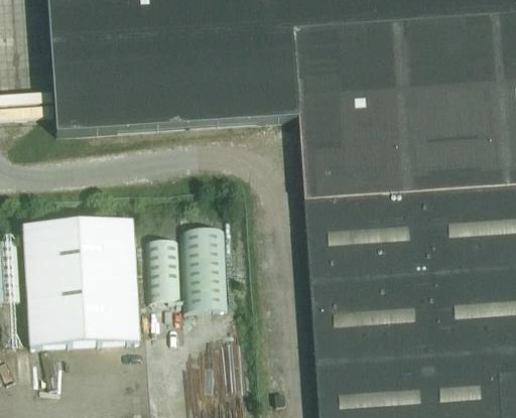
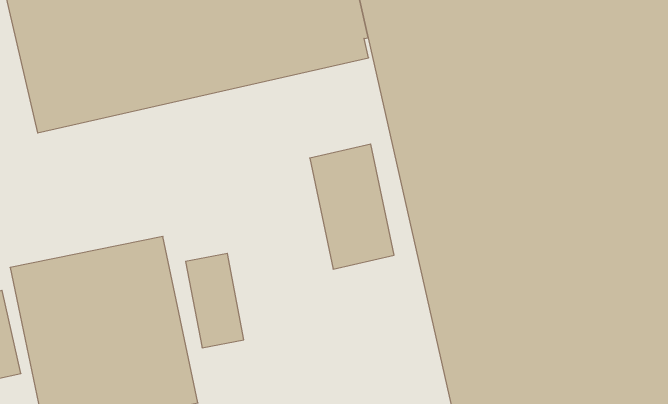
building: [180,229,229,312] -> [310,144,394,269]

